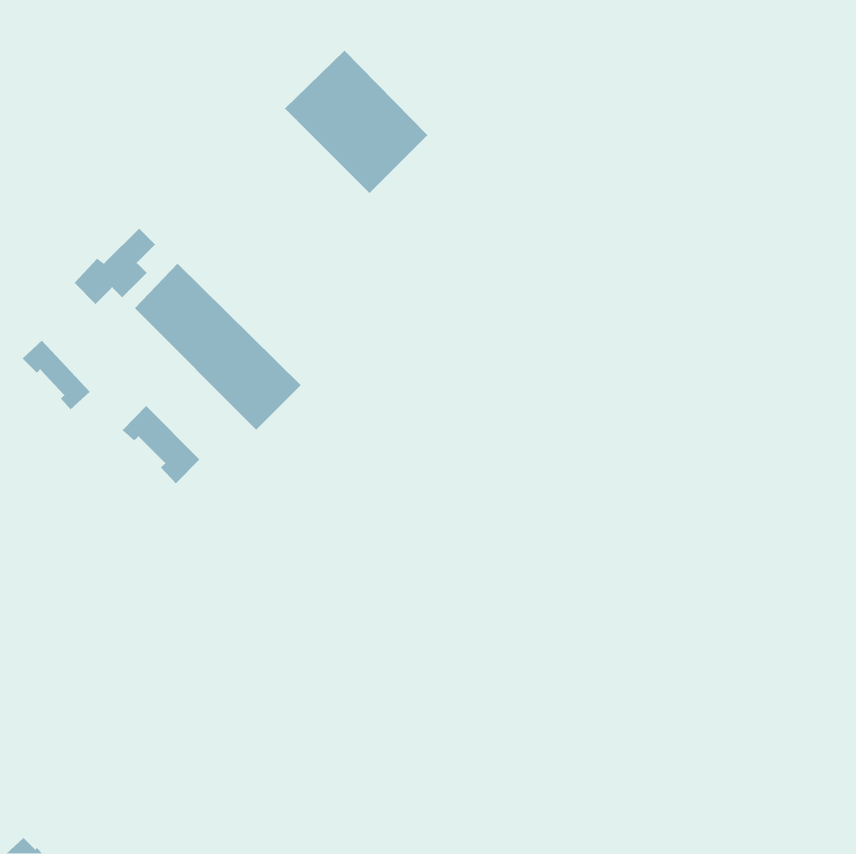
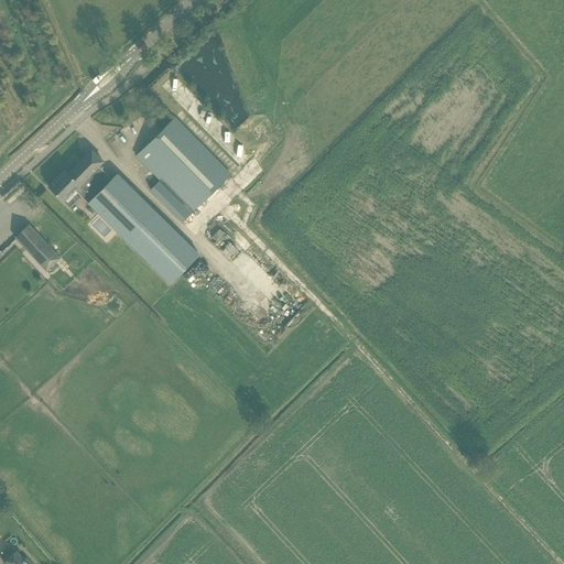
building: [284,50,428,194] -> [135,117,230,212]
building: [122,405,200,484] -> none

